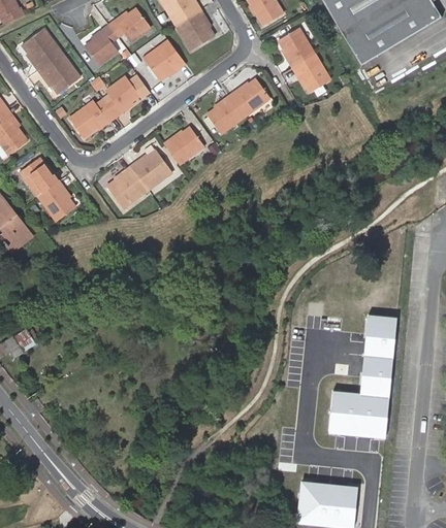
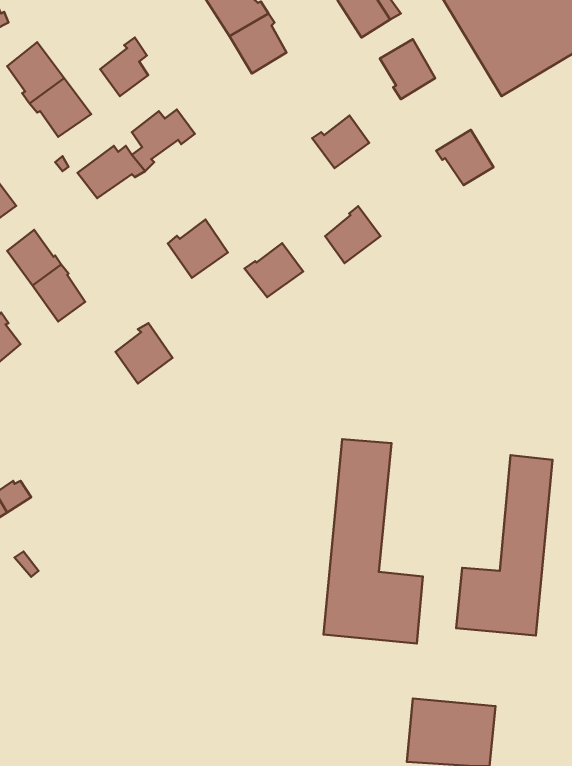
building: [109,8,151,41] -> none
building: [144,40,187,80] -> none
building: [292,54,331,92] -> [436,130,493,185]
building: [209,95,247,134] -> [325,206,381,263]
building: [165,127,205,164] -> [245,243,303,297]
building: [109,167,149,208] -> [115,323,173,383]
building: none -> [324,439,423,643]

